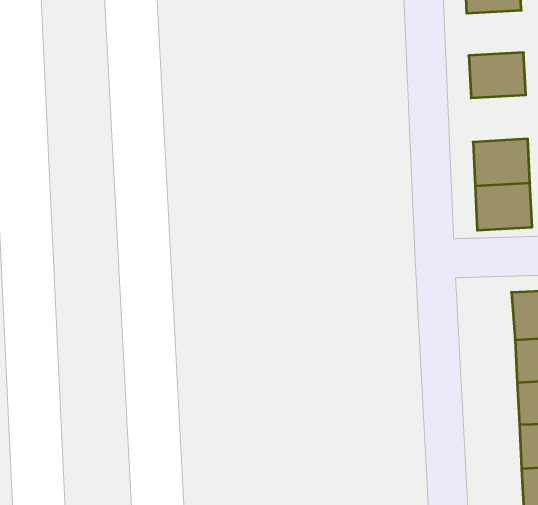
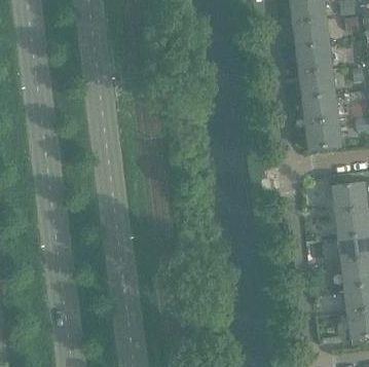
building: none -> [293,20,328,48]
building: none -> [299,69,334,99]

